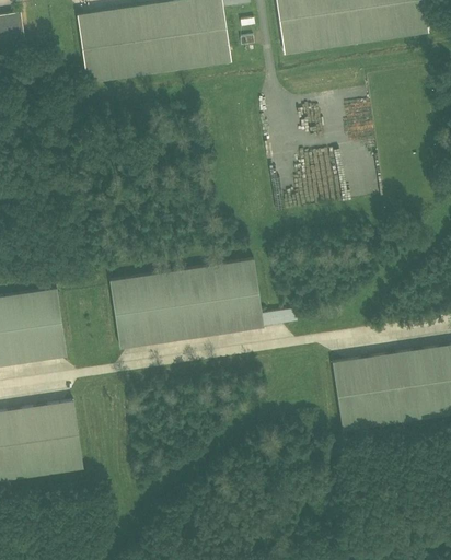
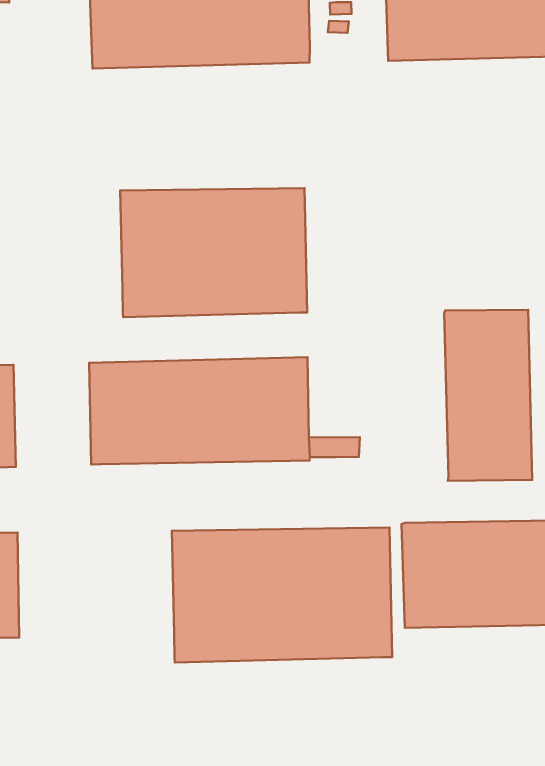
building: none -> [120,188,307,317]
building: none -> [444,310,532,481]
building: none -> [172,527,392,663]

